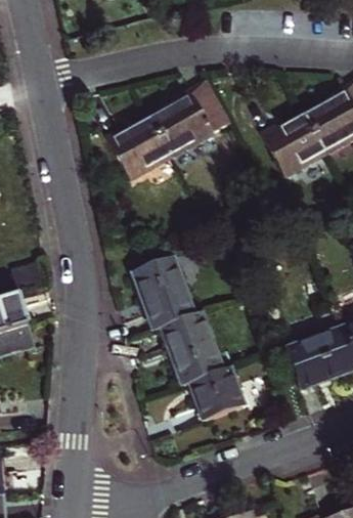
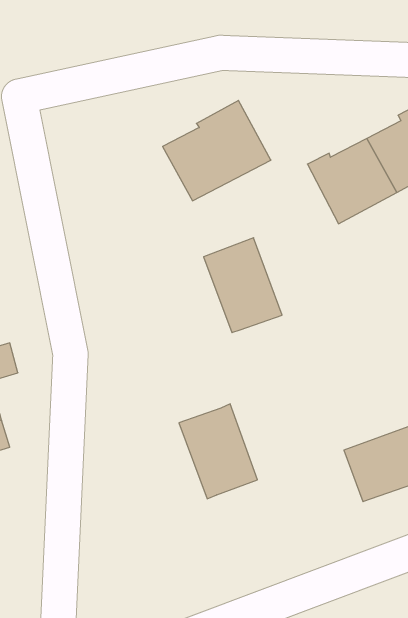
building: [105,118,171,180] -> none
building: [133,257,192,329] -> [204,238,282,333]
building: [189,366,242,420] -> none

